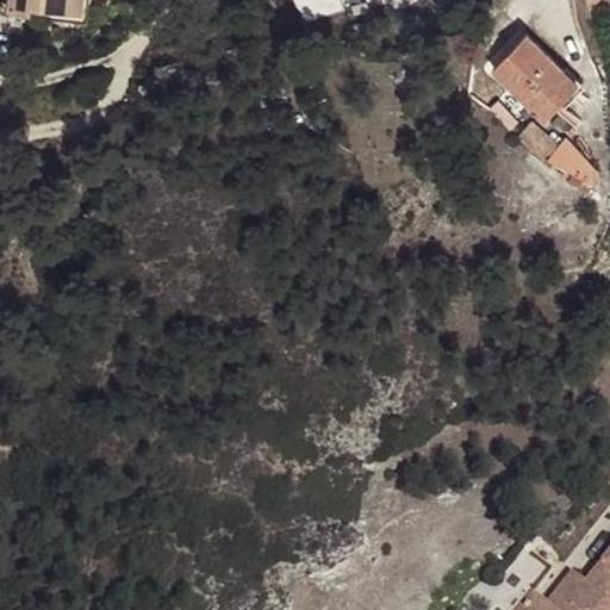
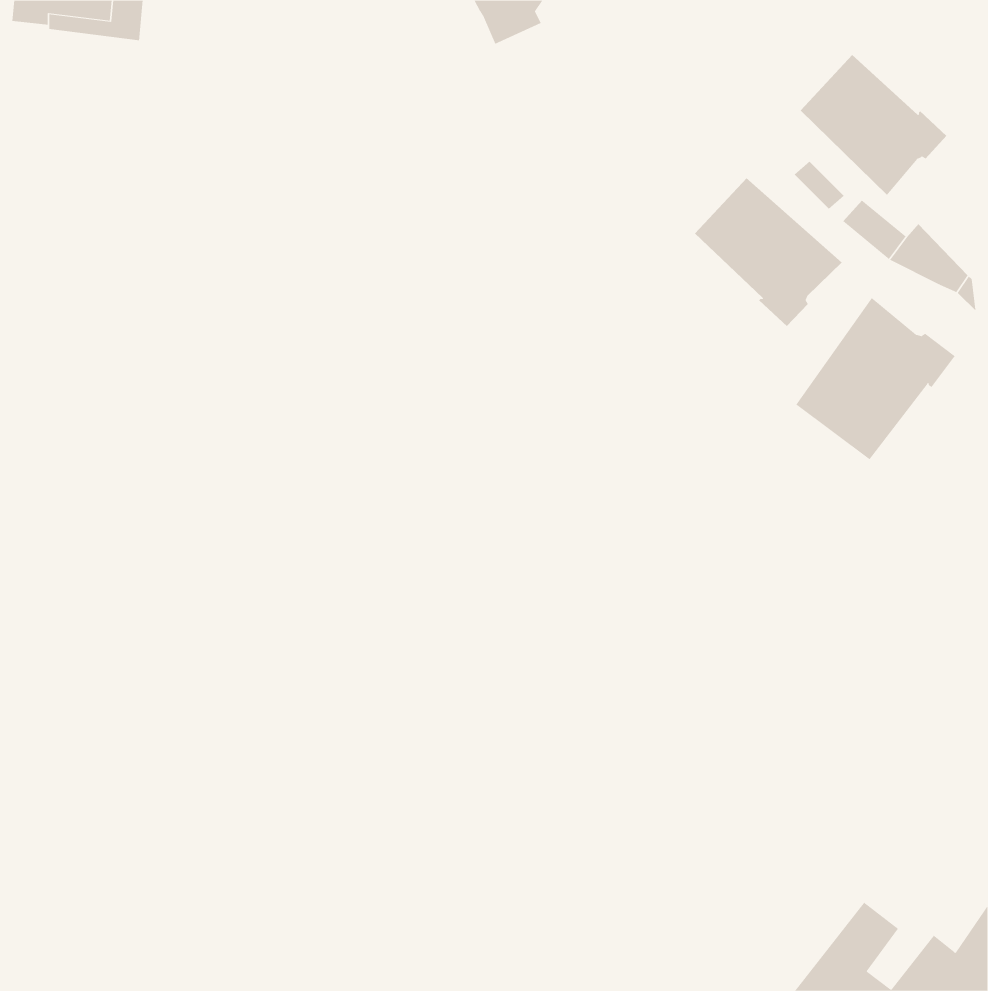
building: none -> [694,177,843,327]
building: none -> [795,297,955,460]

